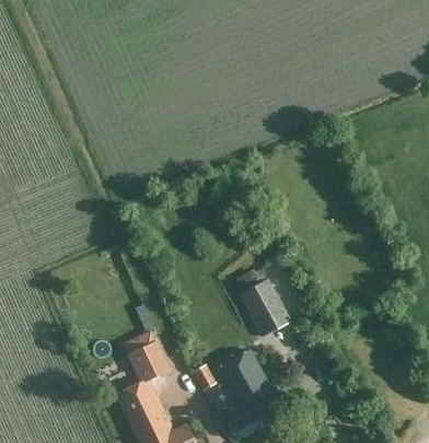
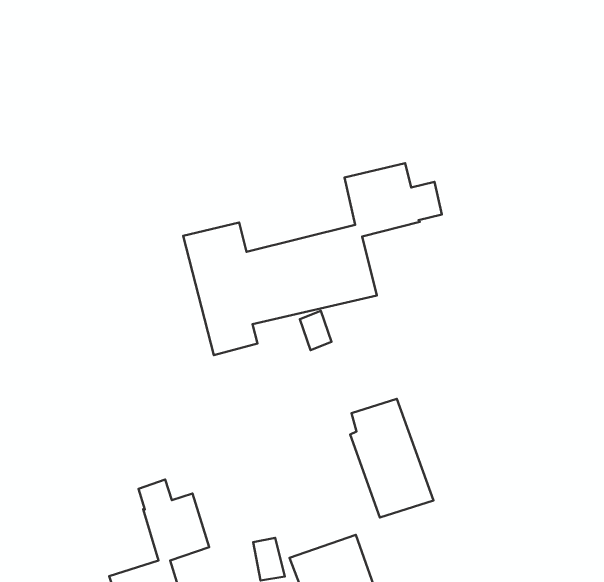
building: none -> [183,163,442,355]

